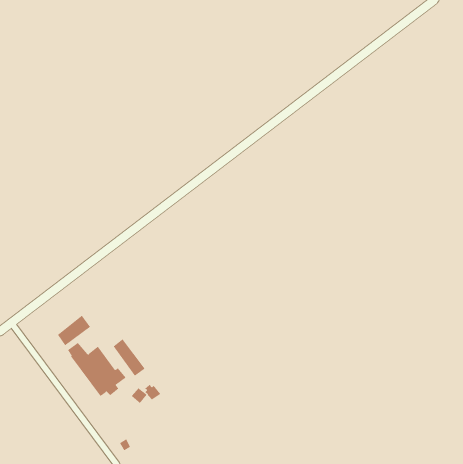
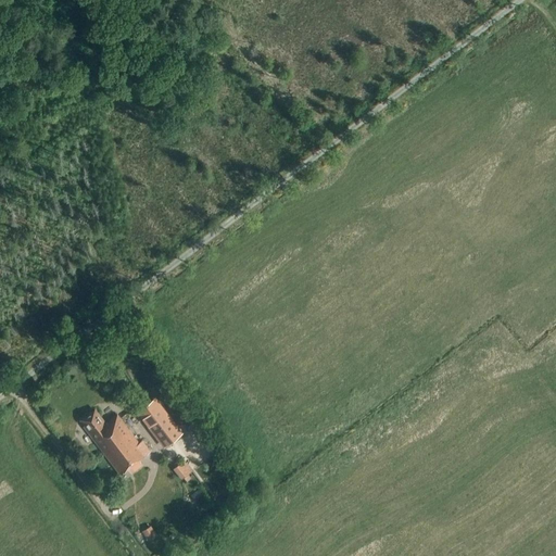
building: [57,315,91,346] -> none

